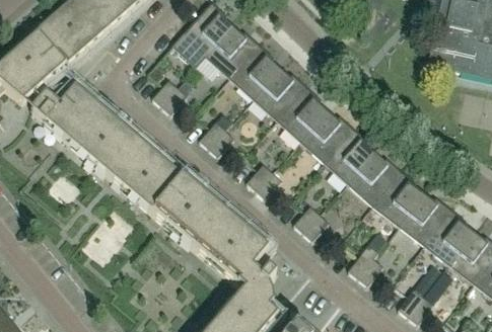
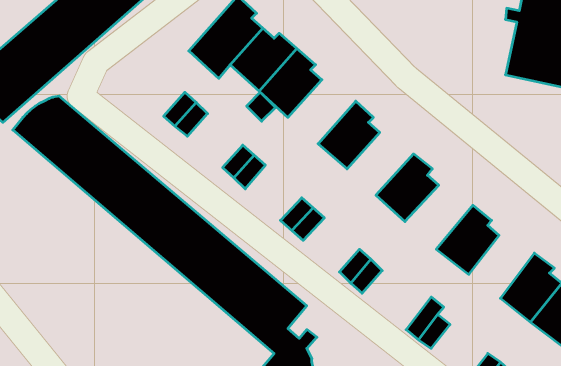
building: [252,69,306,120] -> none
building: [299,111,353,162] -> none
building: [346,154,401,205] -> none
building: [398,194,450,245] -> none

